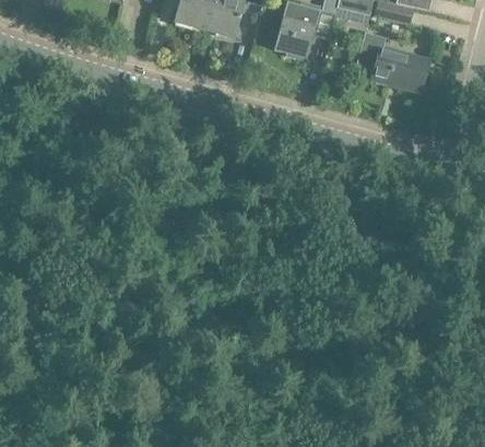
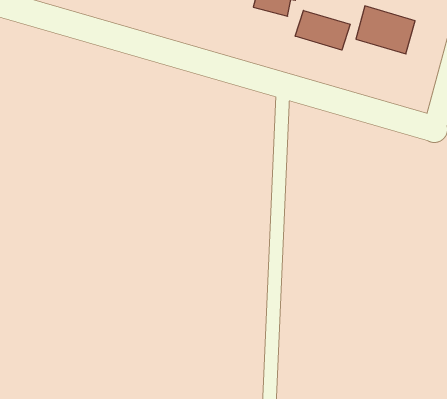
building: none -> [295,10,350,50]

